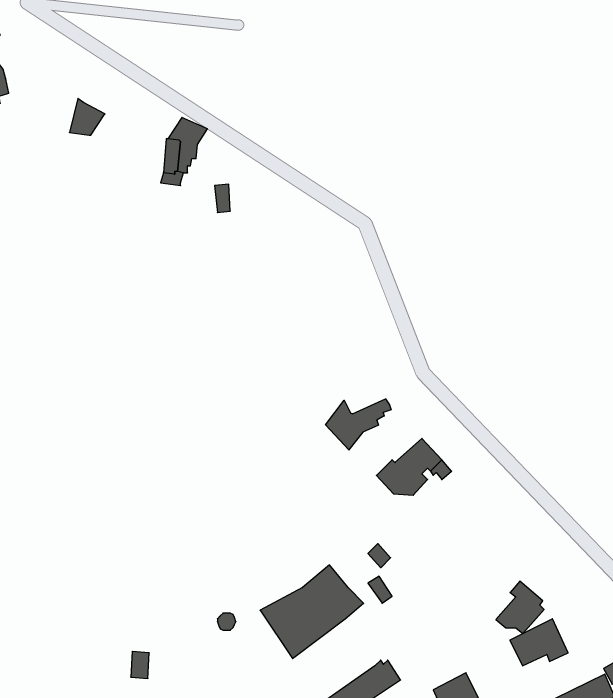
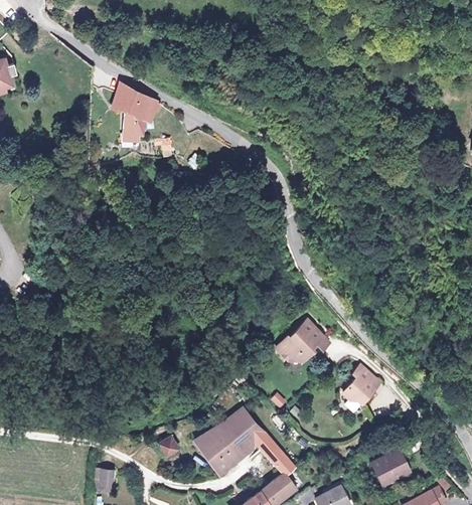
building: [69,98,105,135] -> [113,81,138,108]
building: [326,399,391,450] -> none
building: [496,581,544,634] -> [343,365,377,402]
building: none -> [254,437,295,480]

